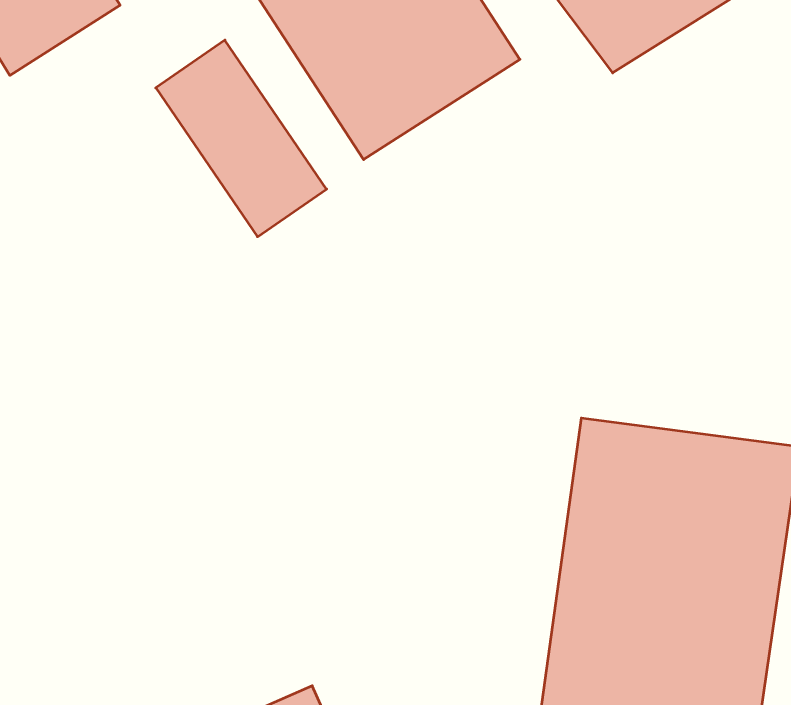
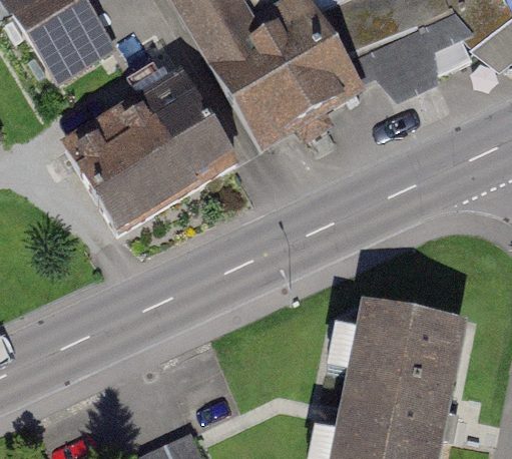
building: none -> [63,100,190,231]

